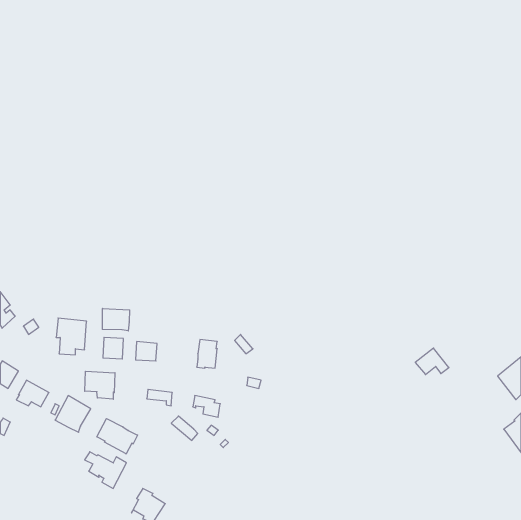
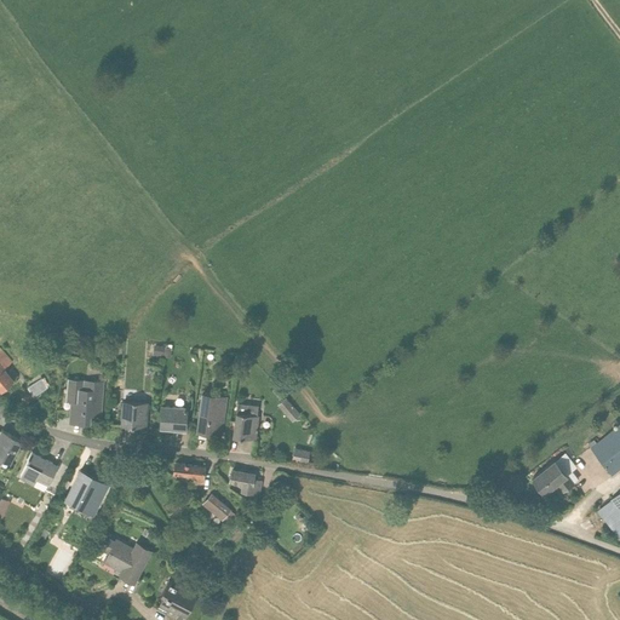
building: [102,308,130,331] -> none
building: none -> [197,395,226,435]
building: [415,348,449,375] -> [533,461,573,493]
building: [85,371,115,399] -> none
building: [97,419,138,454] -> none

